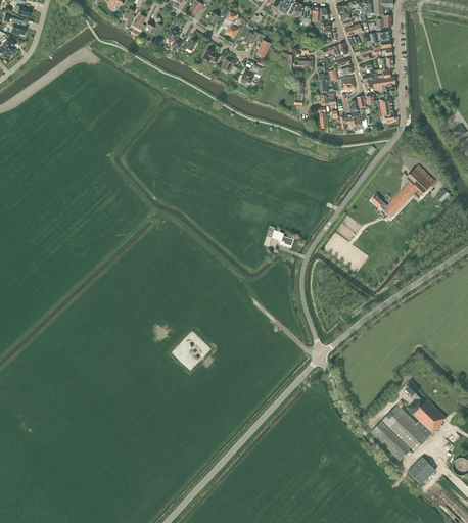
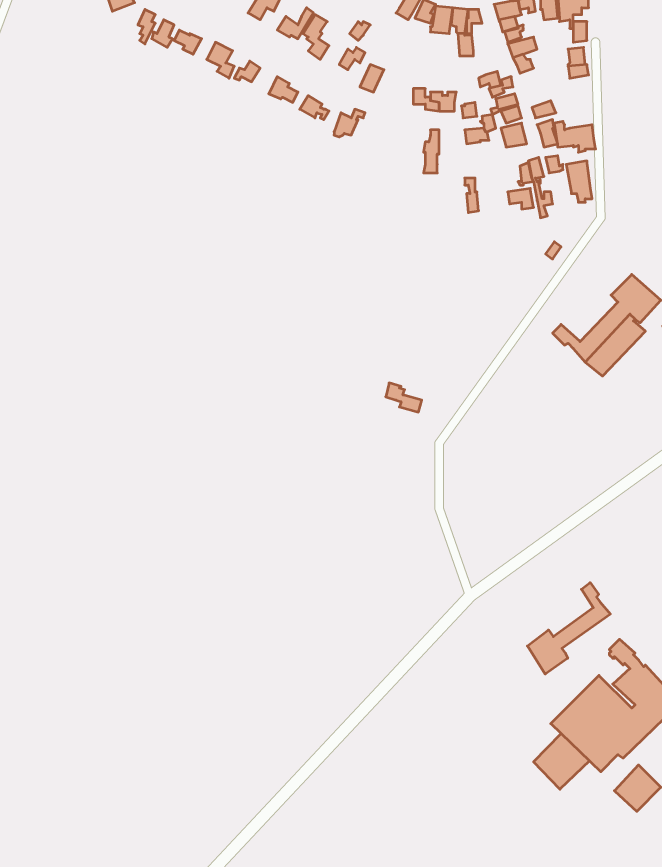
building: none -> [527,583,610,674]
building: none -> [534,733,589,789]

